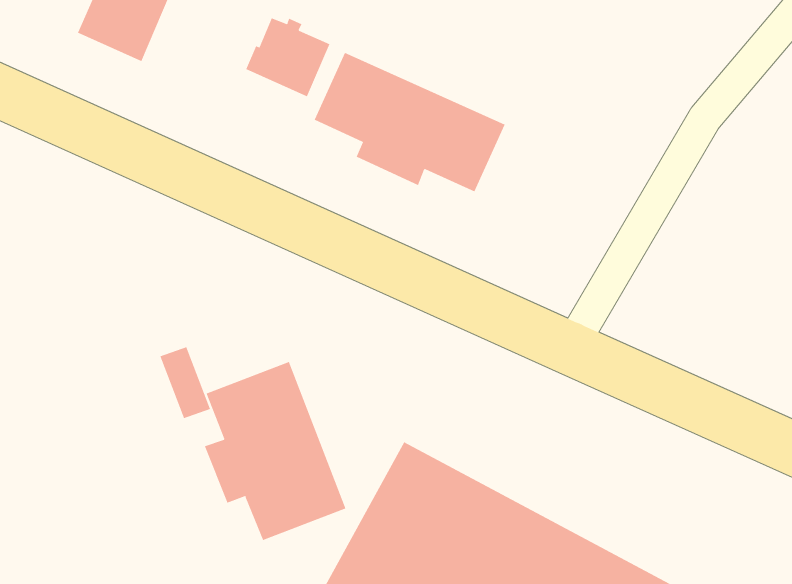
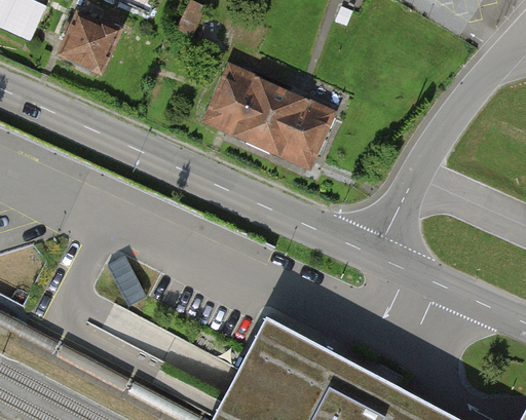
building: [246,17,330,97] -> none
building: [204,361,346,541] -> none

